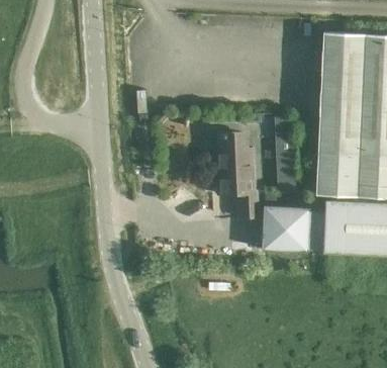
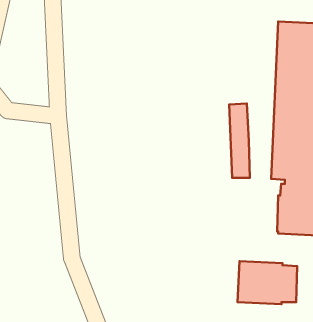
building: [216,133,256,218] -> none
building: [262,207,323,252] -> [238,261,297,304]

